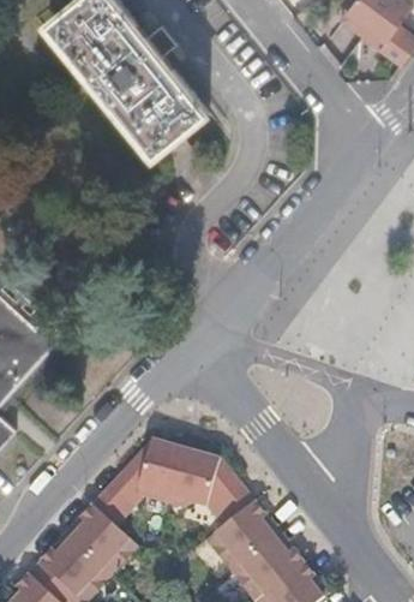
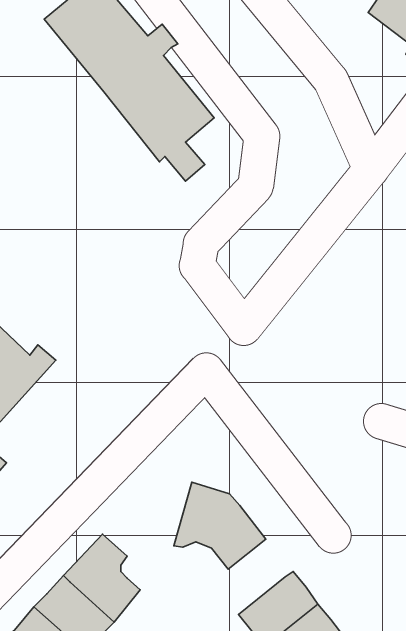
building: [102,439,185,517] -> none
building: [204,501,278,571] -> none

